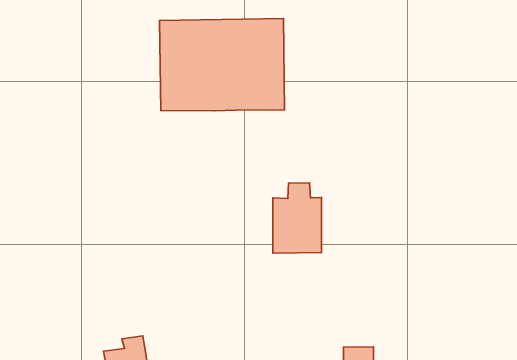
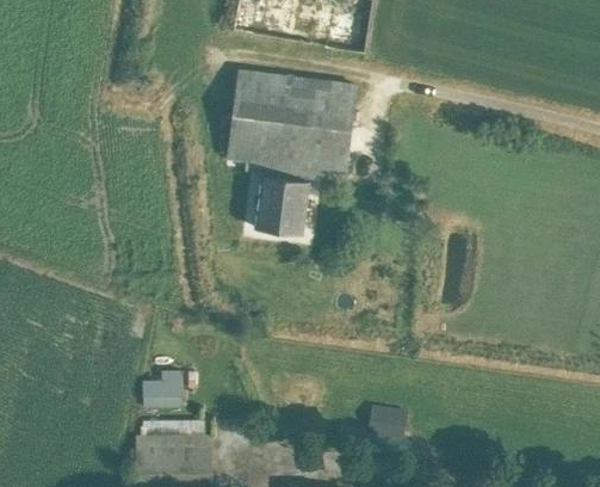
building: [273,183,322,253] -> [255,165,309,235]

